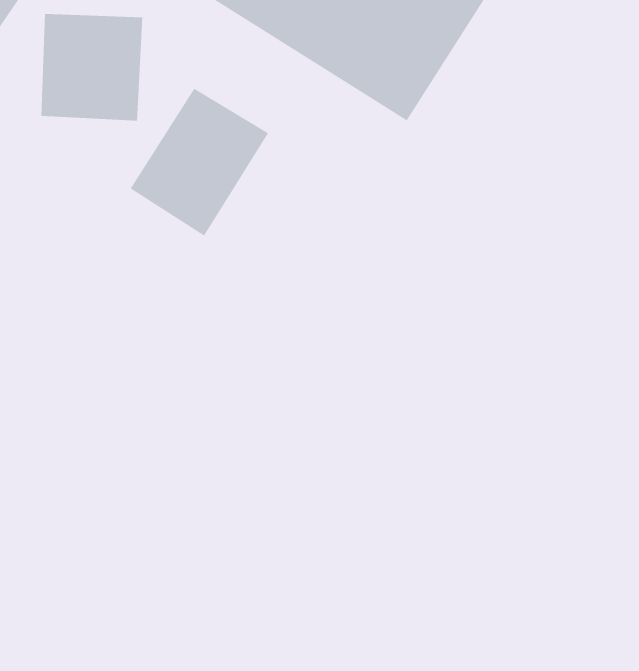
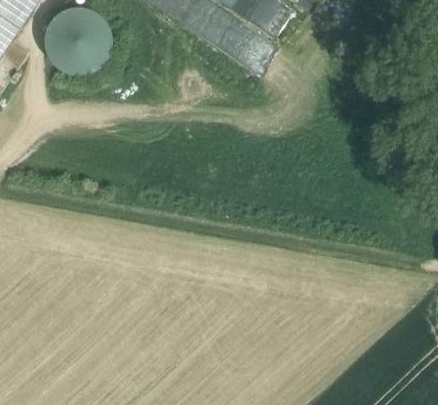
building: [130,88,269,237] -> none

